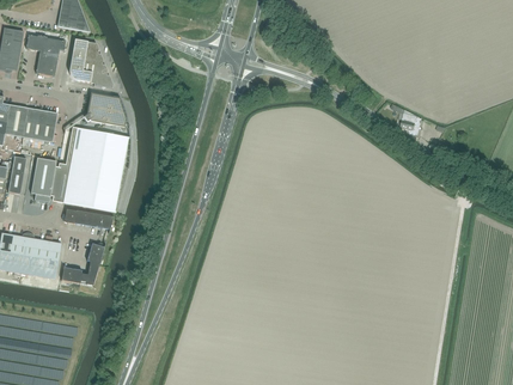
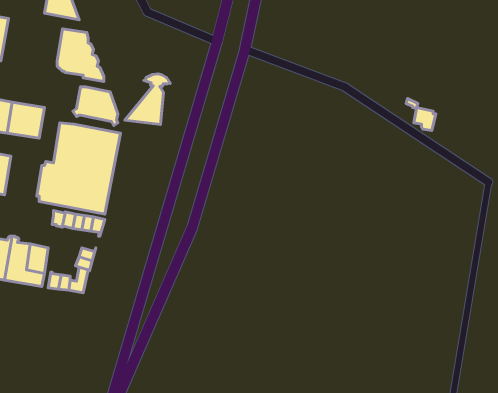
building: [26,35,66,75] -> none
building: none -> [125,74,170,124]
building: [31,157,56,202] -> none

